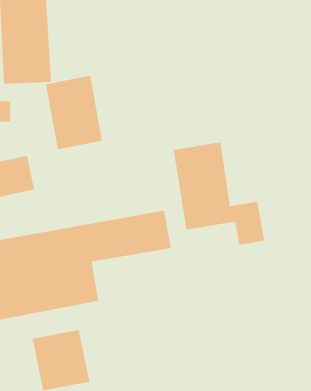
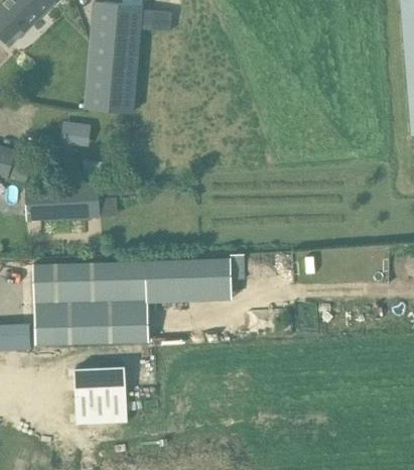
building: [46,75,103,150] -> none
building: [173,141,265,246] -> none

